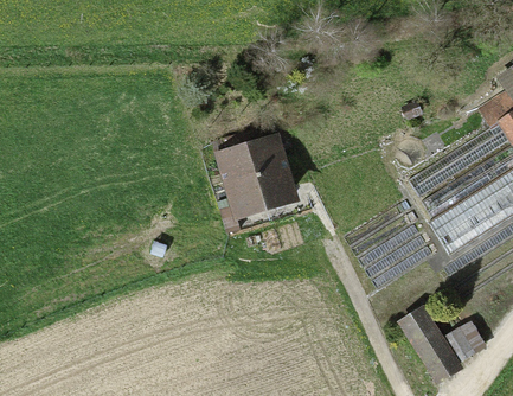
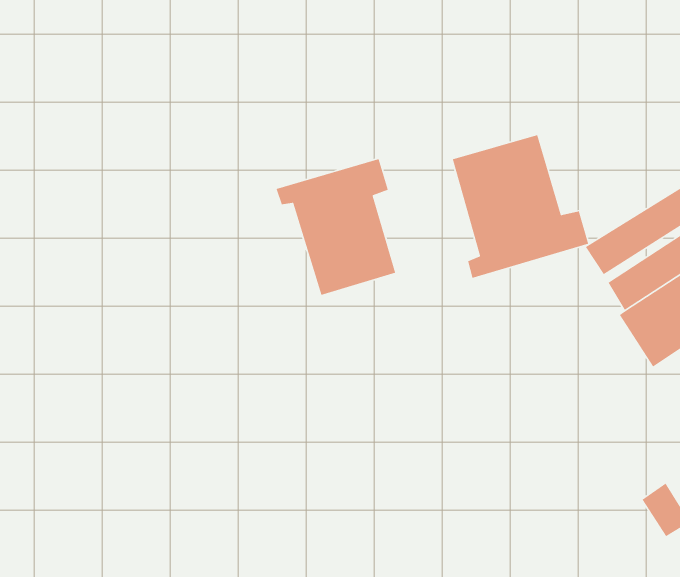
building: none -> [452,134,589,279]
building: [406,317,462,384] -> none

